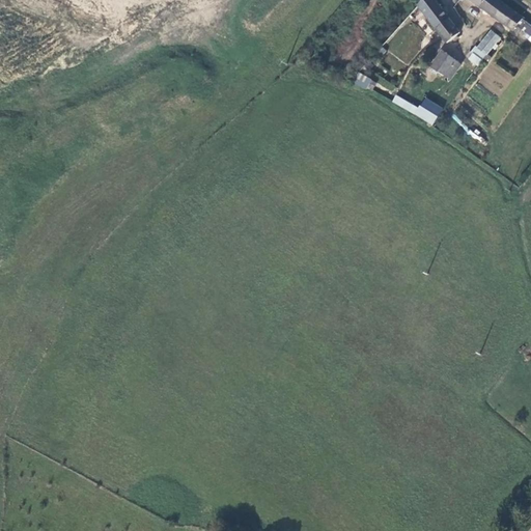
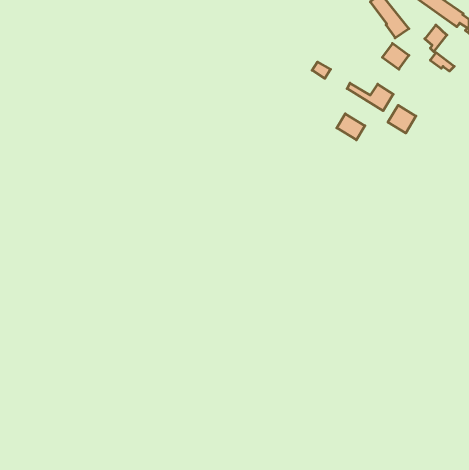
building: none -> [388,105,416,133]
building: none -> [337,114,365,140]

